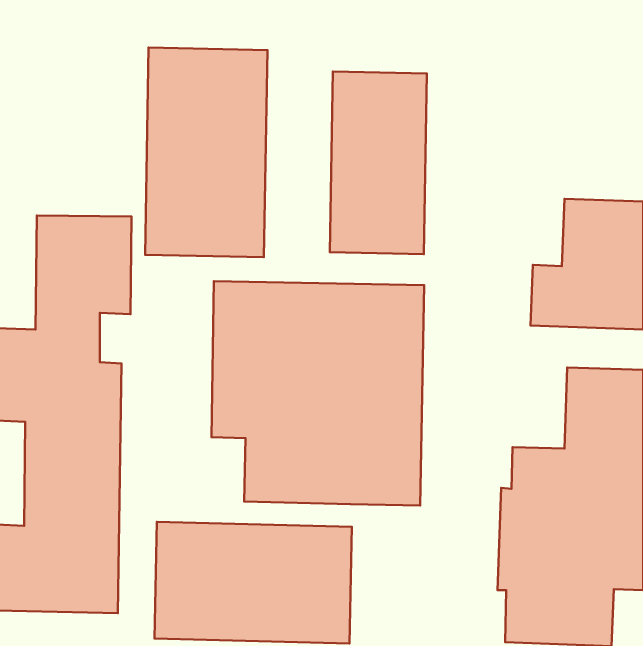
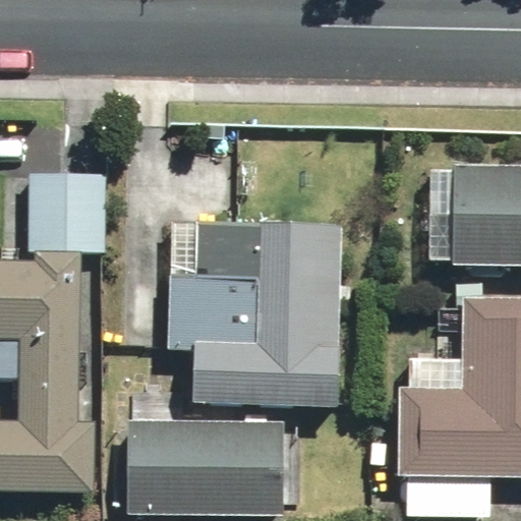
building: [145,48,267,257] -> none
building: [330,71,427,254] -> none

